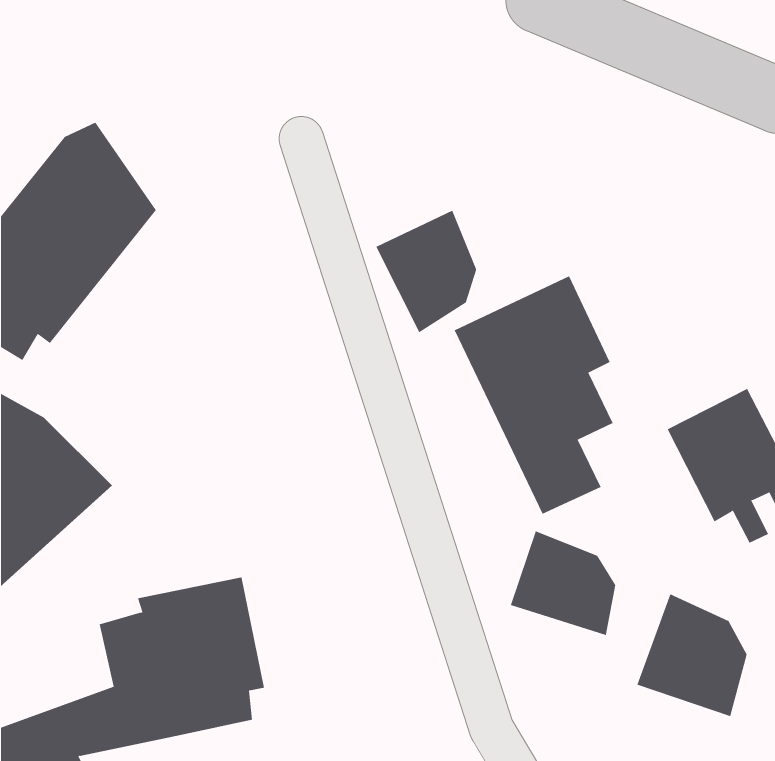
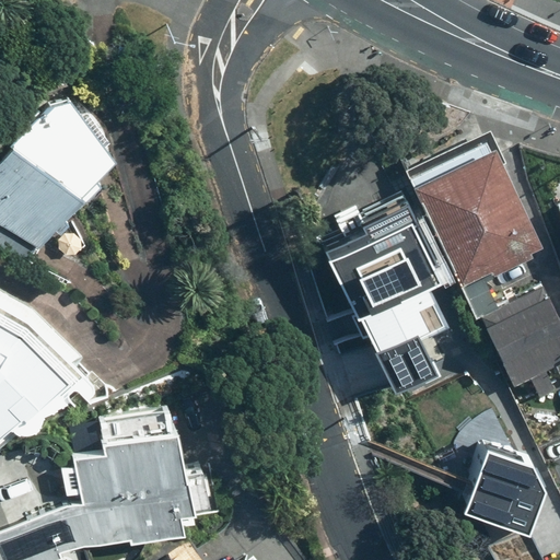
building: none -> [412,148,538,281]
building: [376,210,477,333] -> none
building: [510,531,616,636] -> none

